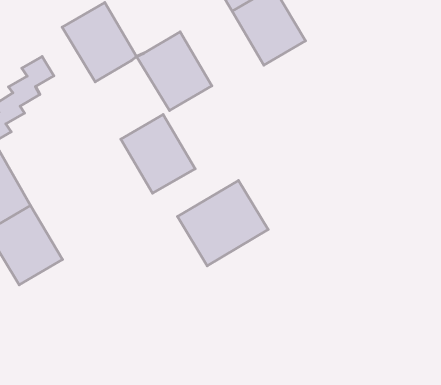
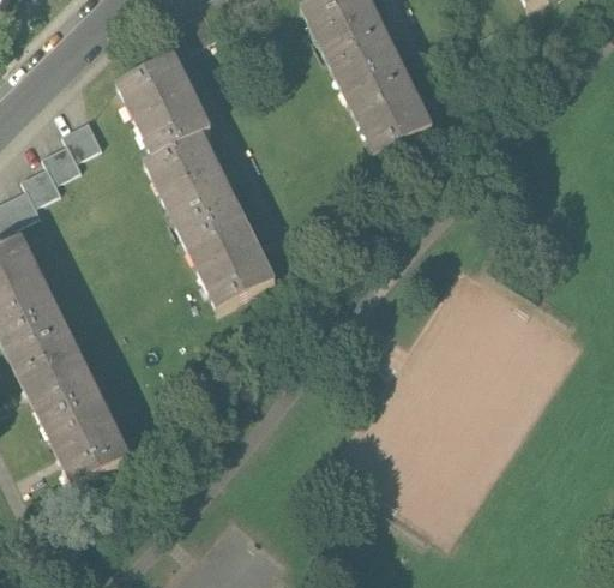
building: [137,32,212,110] -> [144,131,239,232]
building: [178,180,268,266] -> none
building: none -> [35,382,131,484]

